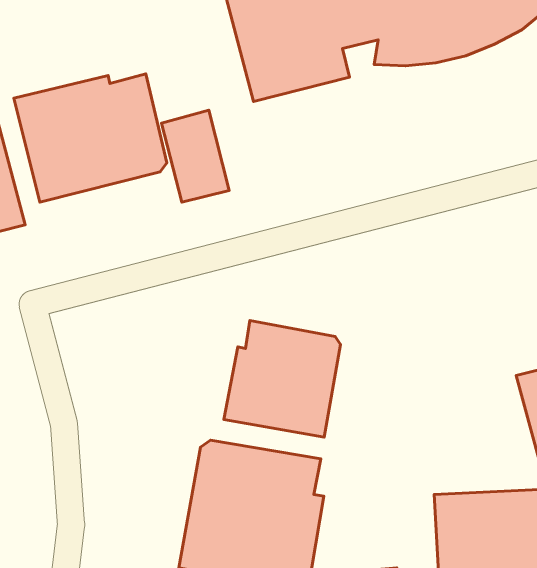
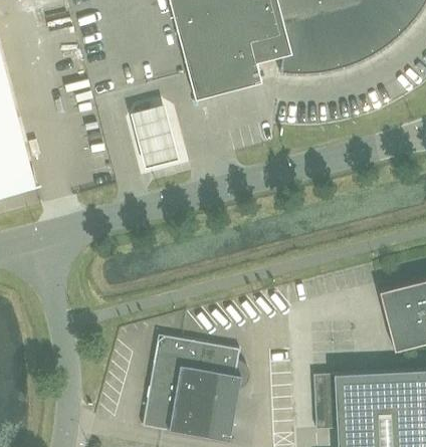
building: [14,74,167,202] -> none
building: [224,321,341,437] -> none

